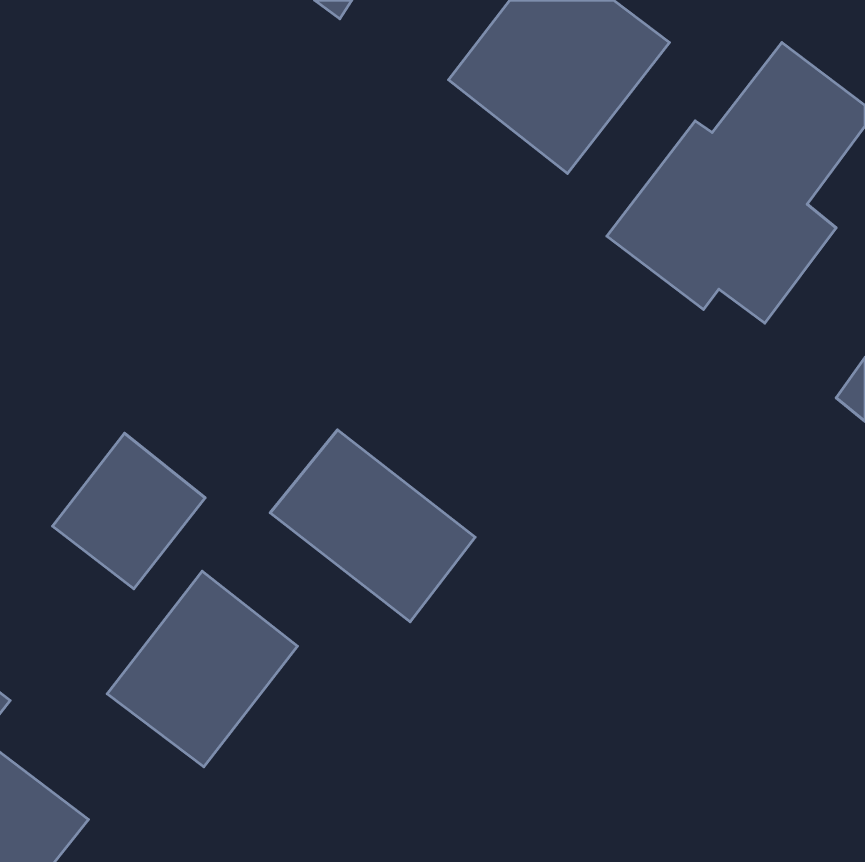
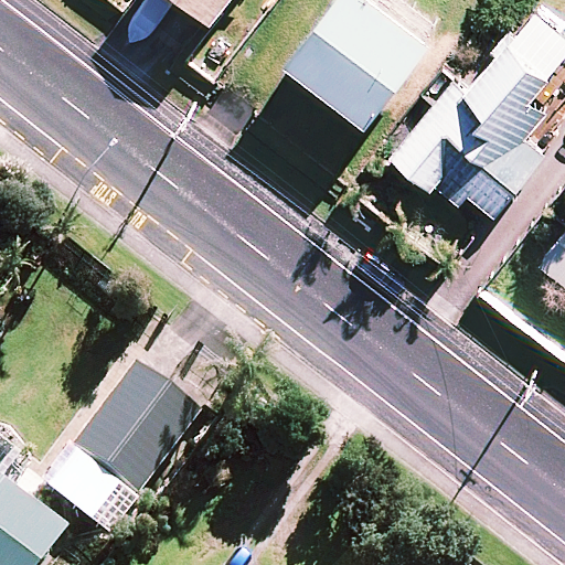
building: [270,430,475,622] -> none
building: [52,433,205,589] -> none

